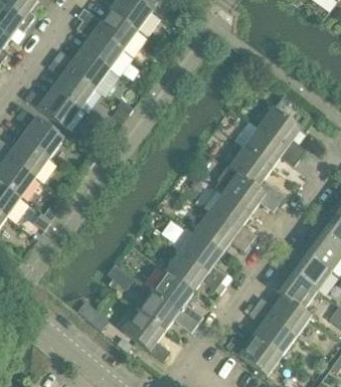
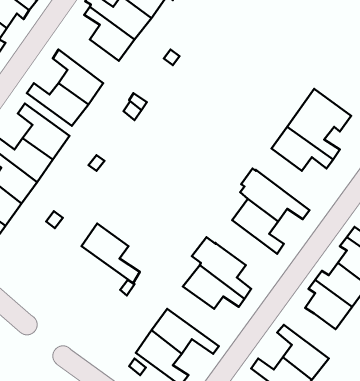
building: [53,50,108,89] -> none
building: [230,148,285,203] -> none
building: [194,212,249,252] -> none
building: [151,271,203,325] -> [81,224,140,283]
building: [255,296,311,336] -> none

